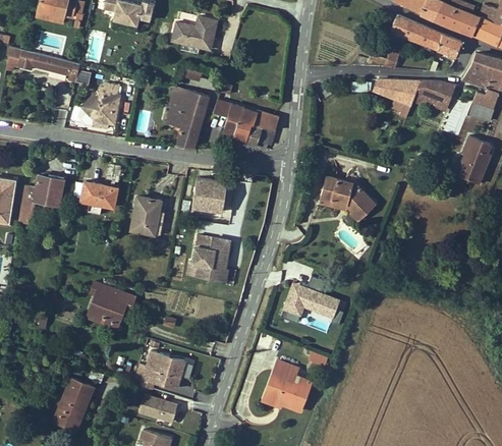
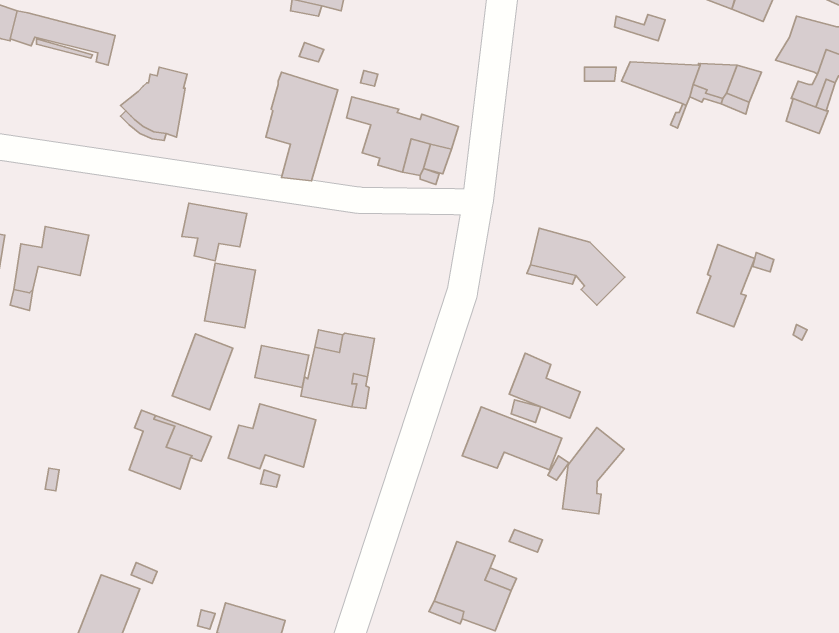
building: [457,136,491,184] -> [697,245,755,327]
building: [192,178,227,213] -> none
building: [80,182,118,216] -> [182,203,247,261]
building: none -> [172,334,233,410]
building: none -> [255,345,309,387]
building: none -> [509,353,580,418]
building: none -> [563,427,624,514]
building: [133,352,184,390] -> [228,404,316,469]

